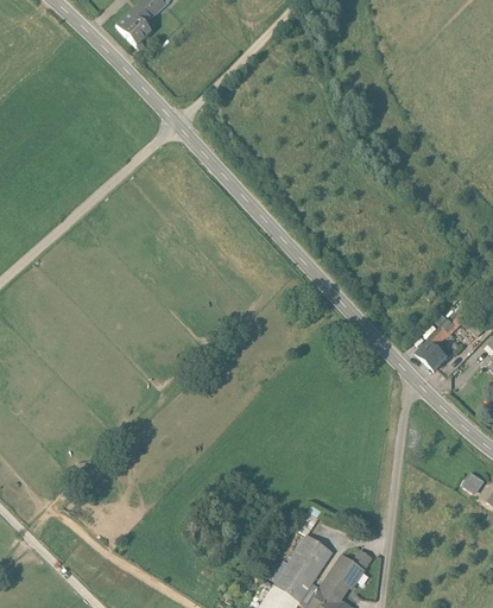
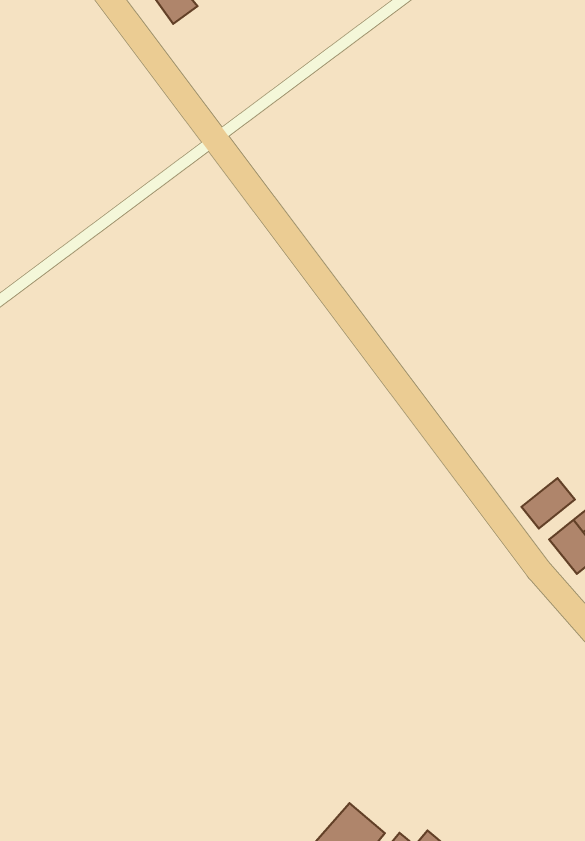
building: none -> [521,478,575,528]

